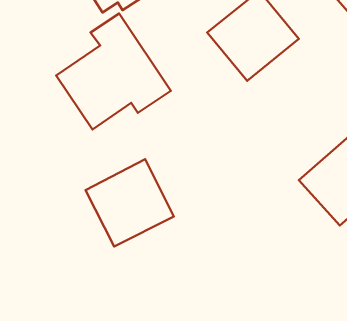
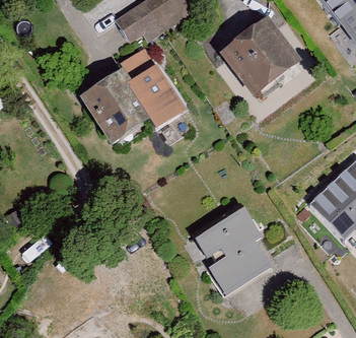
building: [86,159,174,246] -> [197,212,278,292]

